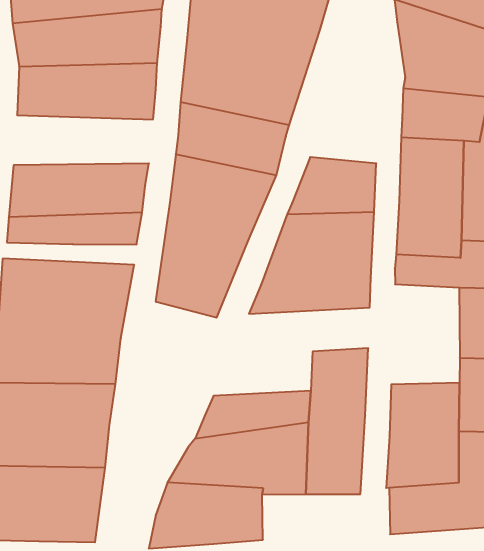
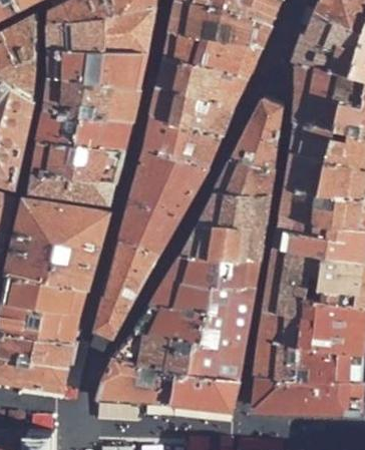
building: none -> [231,101,279,168]
building: none -> [39,110,132,151]
building: none -> [266,248,317,316]
building: none -> [97,241,158,335]
building: none -> [150,256,258,310]
building: none -> [171,373,238,408]

